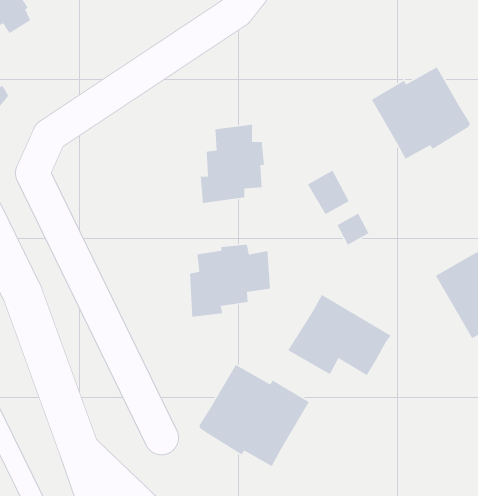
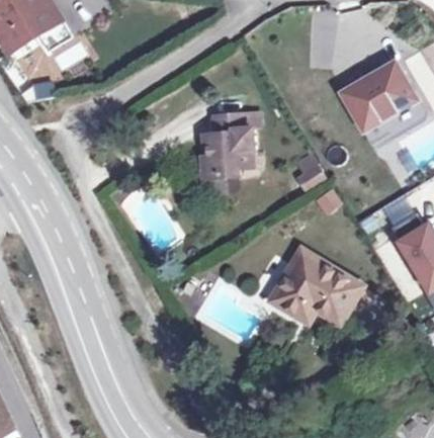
building: [189,244,271,317] -> none
building: [199,364,310,467] -> none

